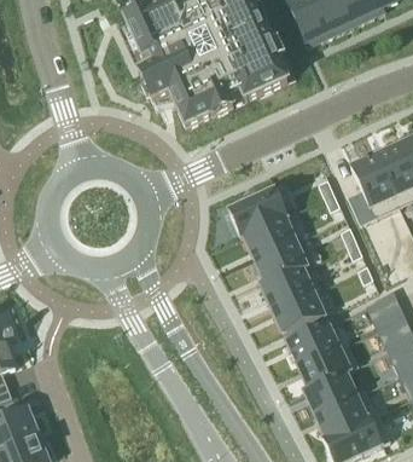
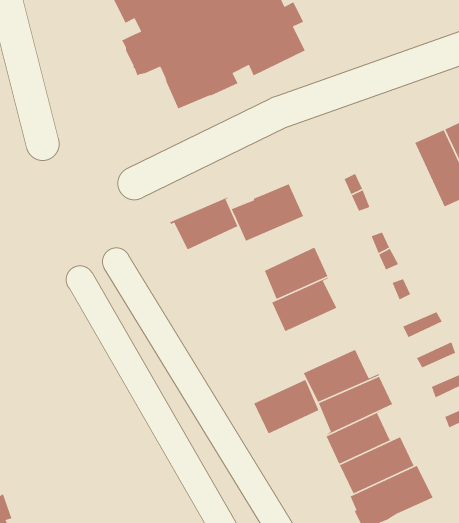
building: [347,152,399,223] -> none
building: [239,212,295,255] -> [169,196,238,251]
building: [271,285,324,330] -> [253,379,319,435]

